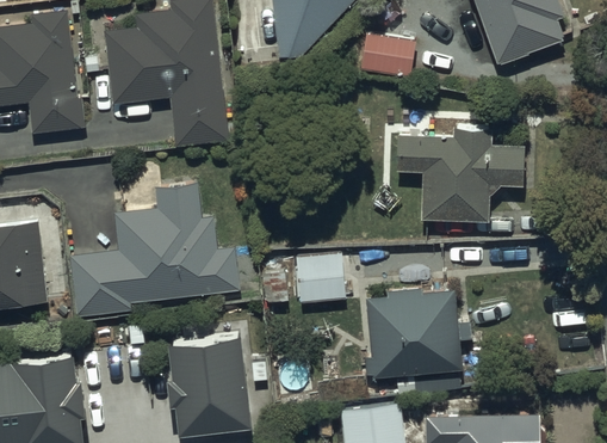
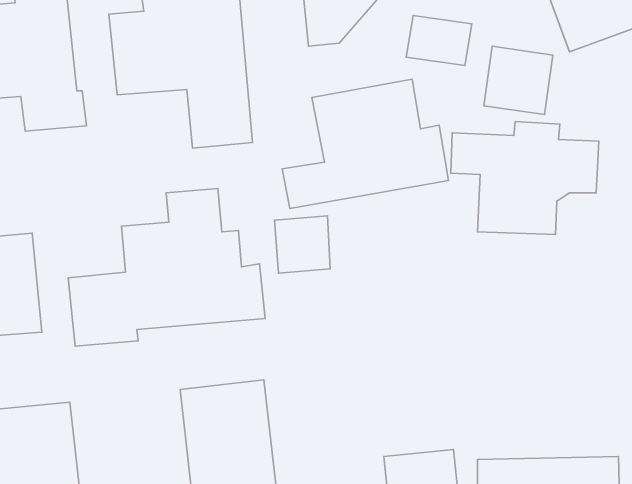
building: none -> [484,46,553,115]
building: none -> [282,79,449,208]
building: [296,254,343,303] -> [274,216,330,273]
building: [360,283,463,382] -> none

